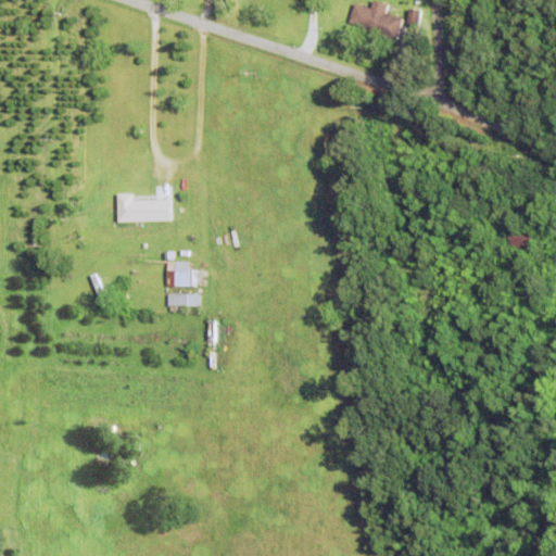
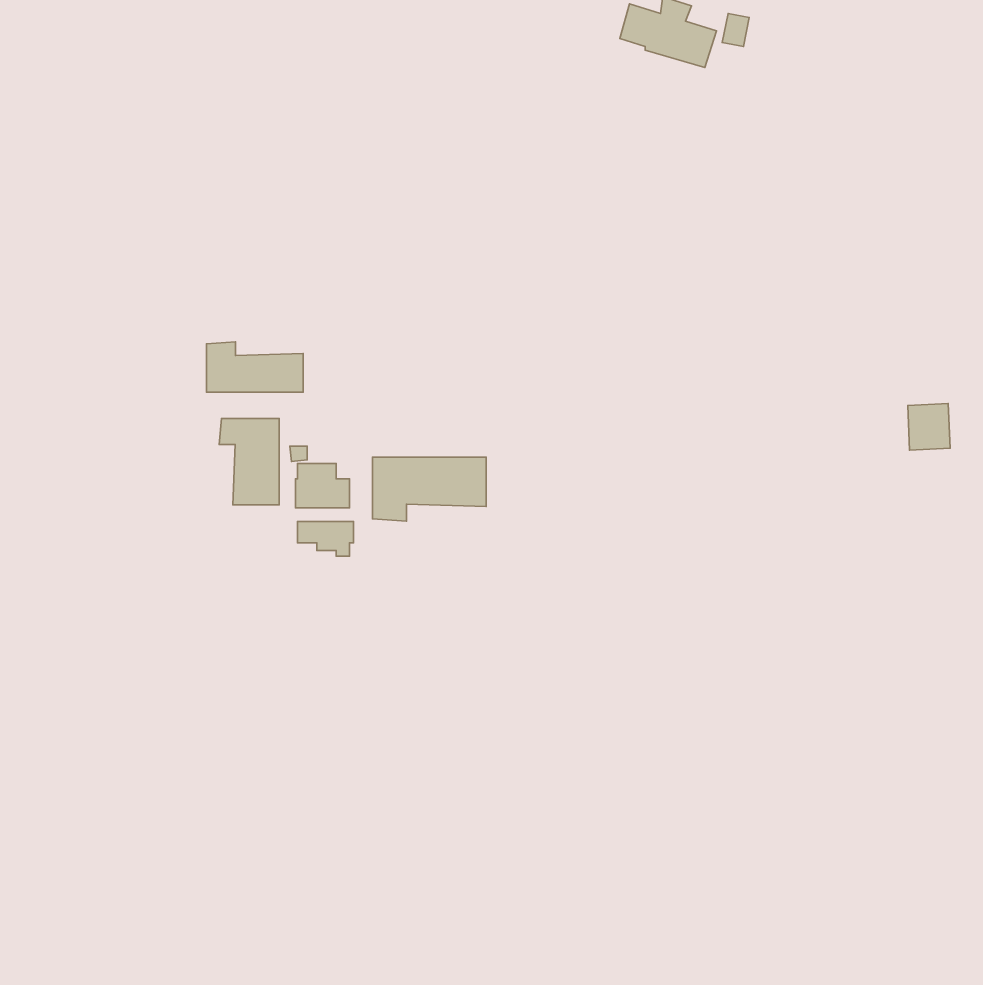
building: none -> [219,419,279,505]
building: none -> [372,457,486,521]

